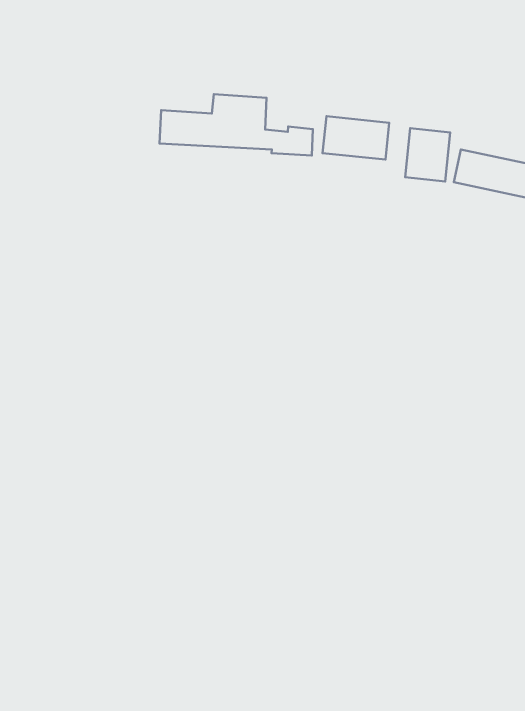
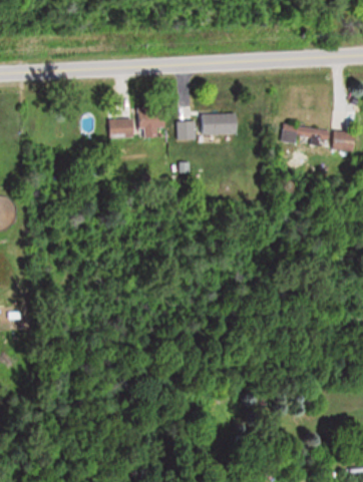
building: [405,128,450,181] -> none

